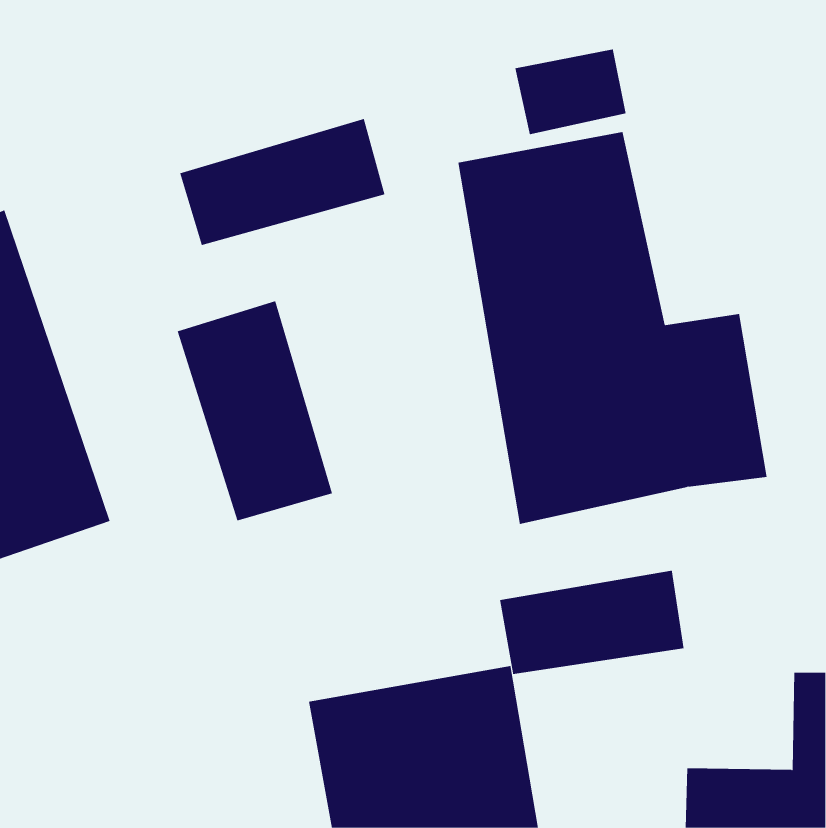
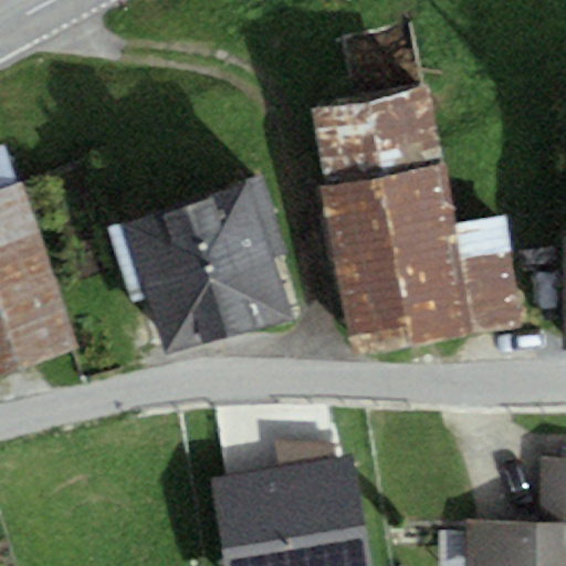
building: [179,118,385,246] -> none
building: none -> [188,185,294,336]
building: [499,570,684,675] -> none

